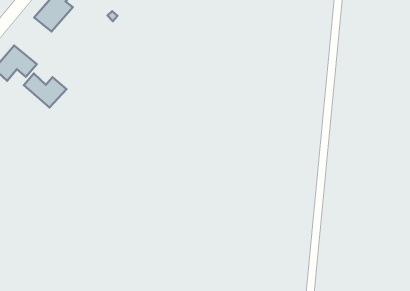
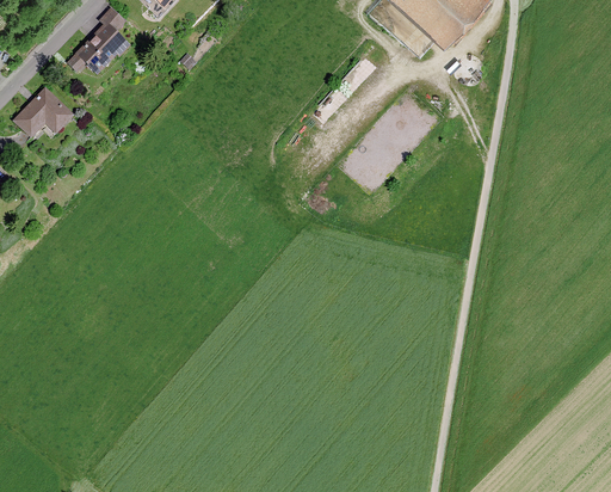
building: [24,74,66,107] -> none

